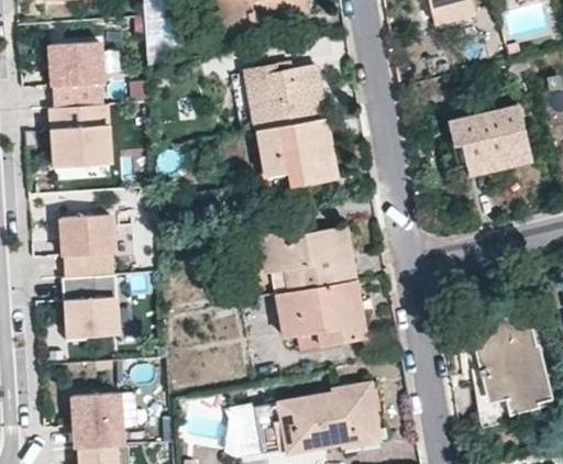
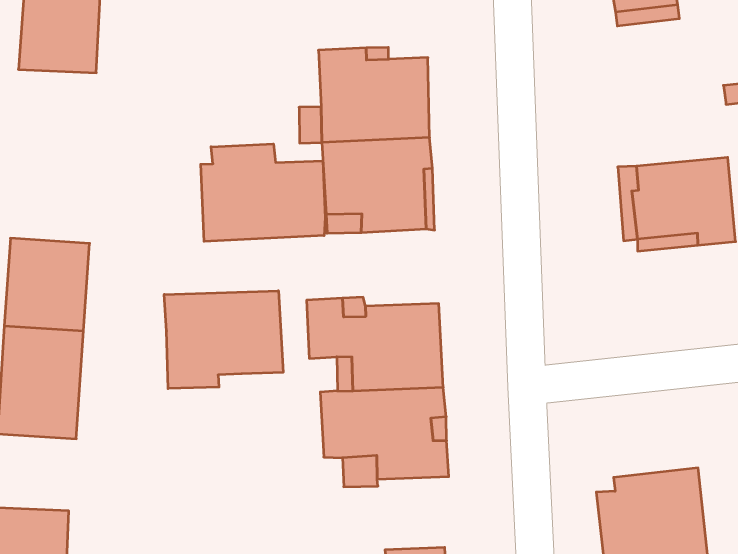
building: [54,104,109,168] -> none
building: none -> [201,144,325,241]
building: none -> [164,291,283,389]

